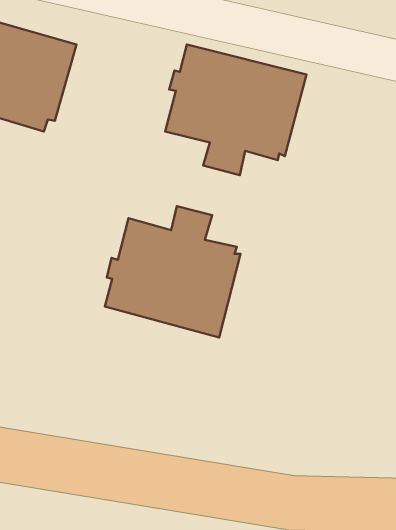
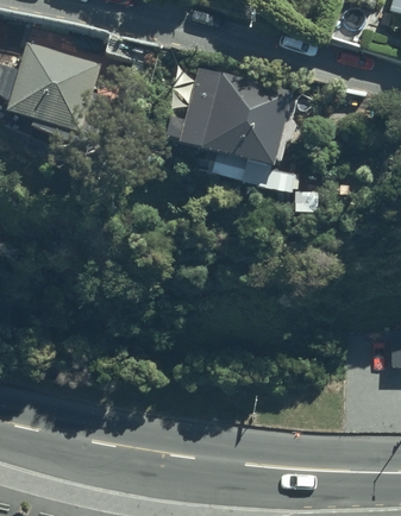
building: [105,206,240,337] -> none

